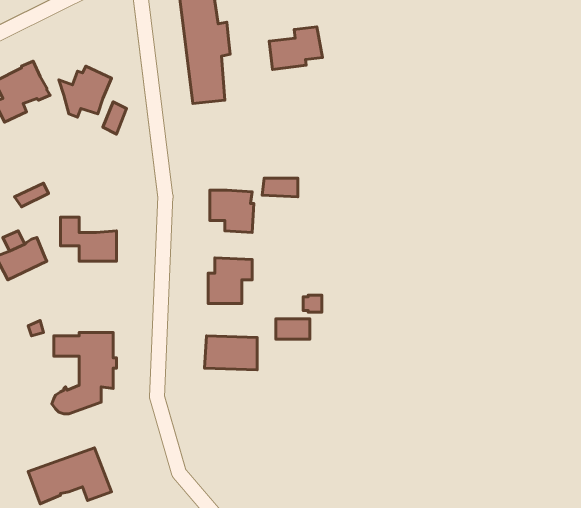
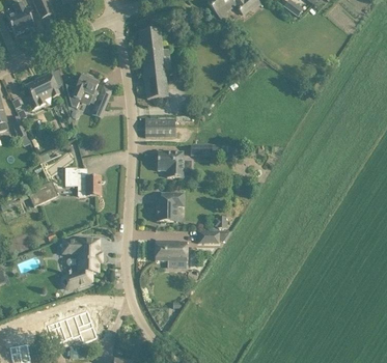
building: [269,27,322,69] -> none
building: none -> [144,118,174,137]

